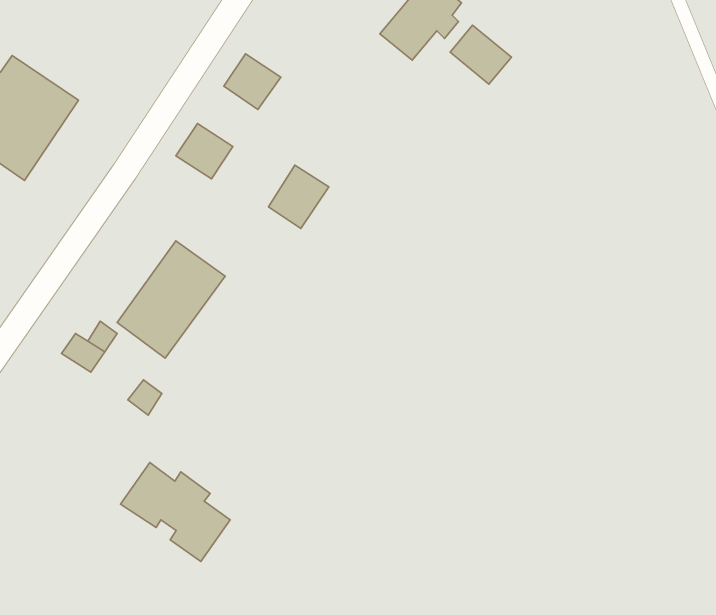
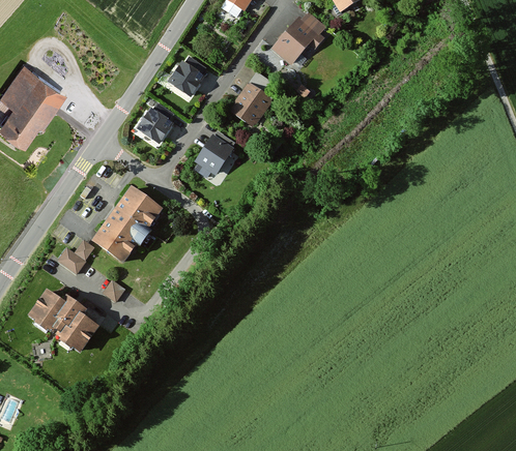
building: [450,25,511,84] -> none
building: none -> [228,83,271,127]
building: [121,463,230,561] -> [29,288,103,354]

